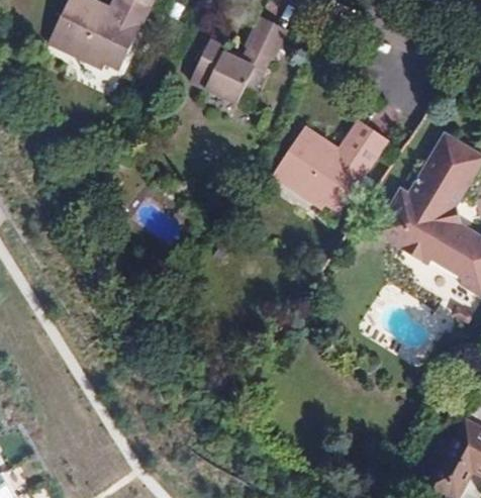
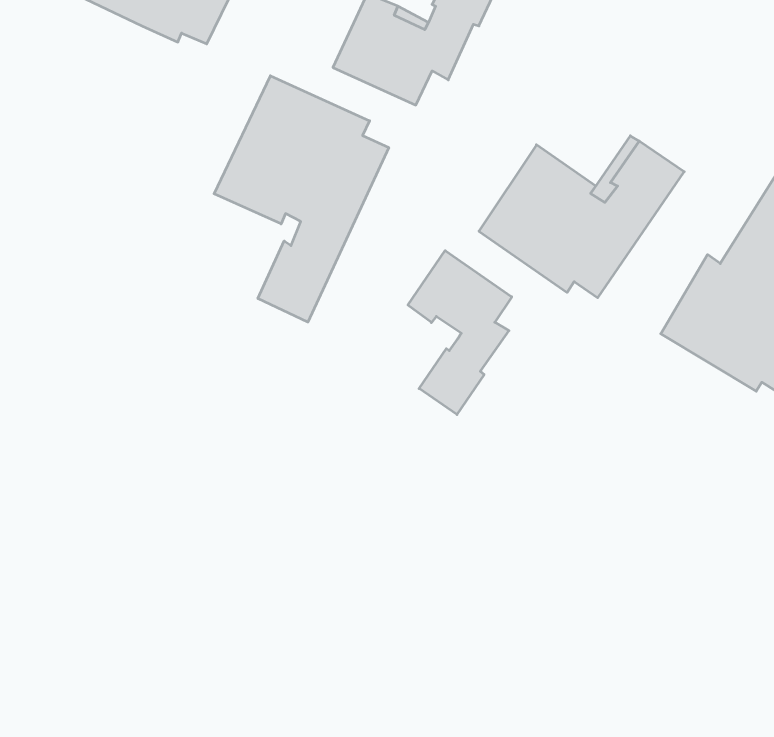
building: none -> [214,76,389,322]
building: none -> [408,251,512,415]

